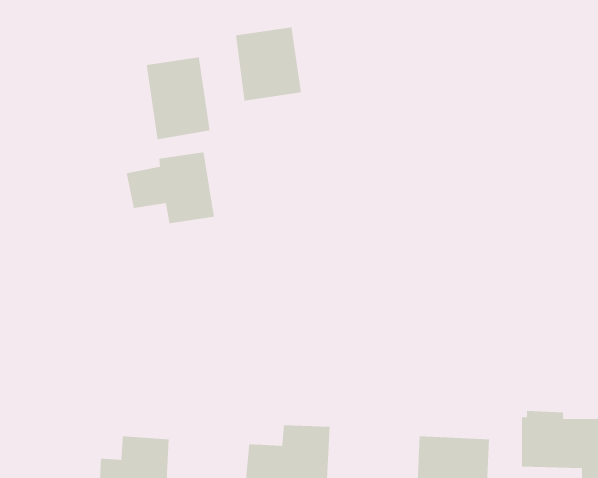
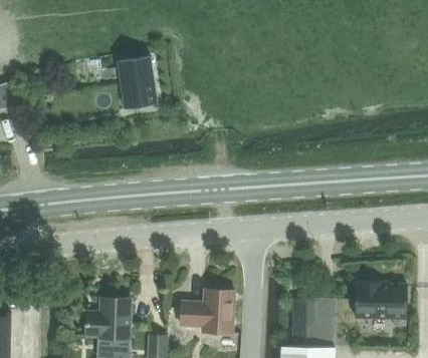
building: [235,27,302,101] -> none
building: [126,151,215,224] -> none

